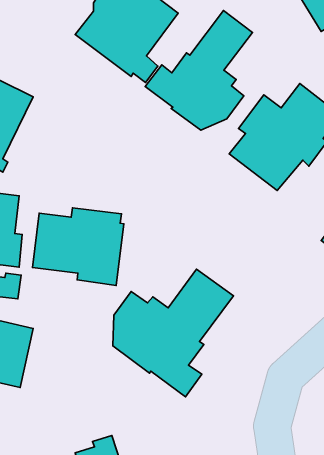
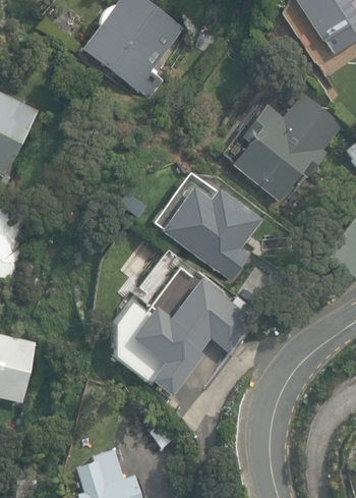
building: [145,11,252,130] -> none
building: none -> [159,174,262,281]
building: [33,208,124,285] -> none

